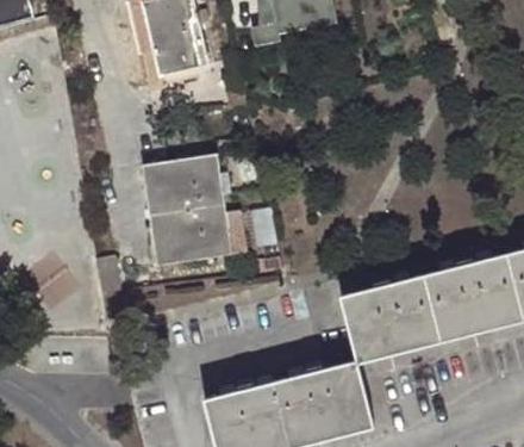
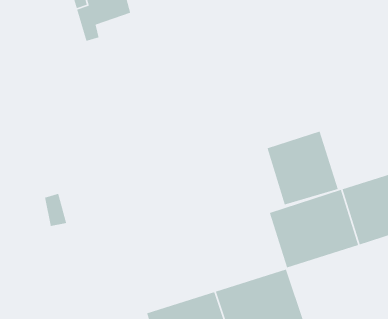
building: [144,157,233,266] -> none
building: none -> [267,130,339,206]

